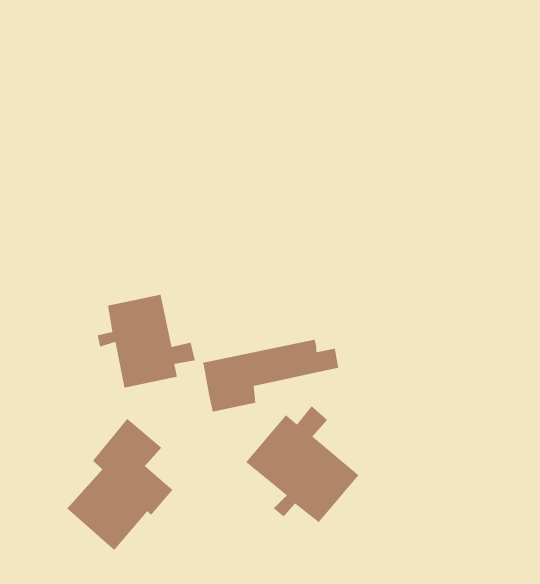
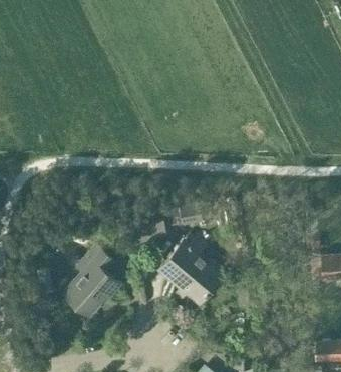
building: [97,294,196,389] -> none

